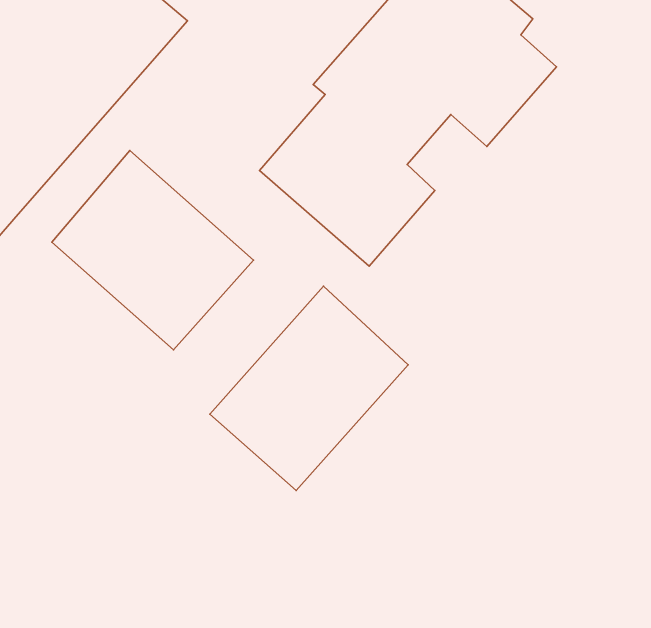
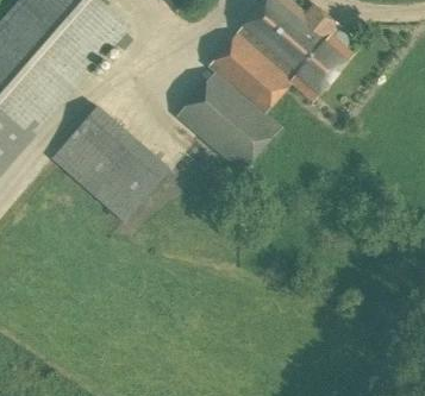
building: [210,286,408,491] -> none

